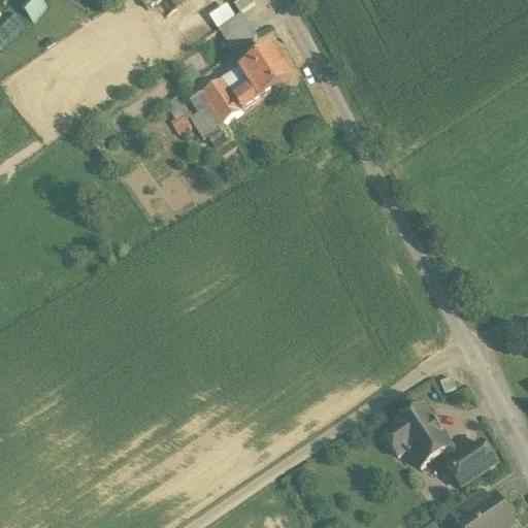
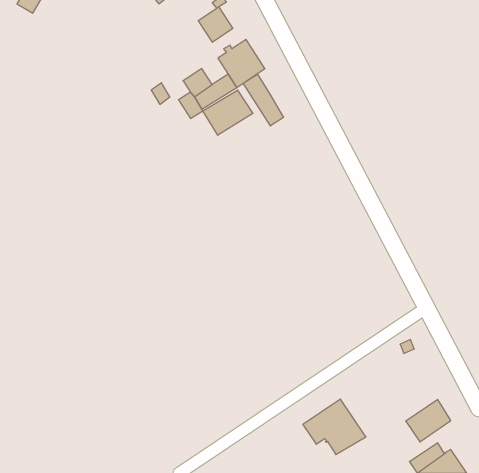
building: none -> [243,74,284,126]
building: none -> [203,90,253,135]
building: [383,403,452,464] -> [303,399,366,455]

